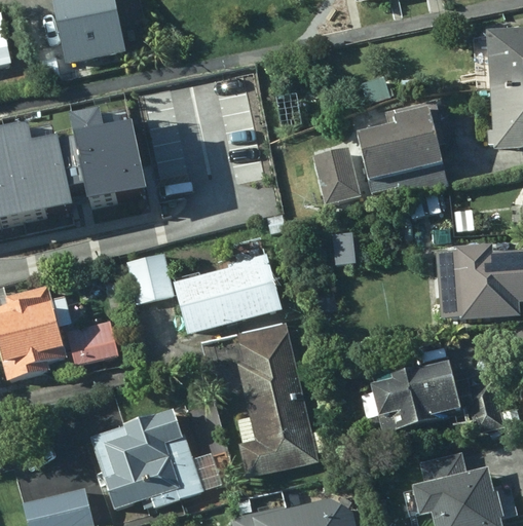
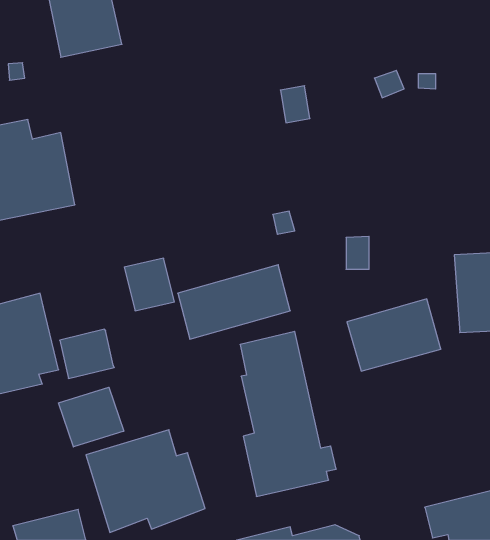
building: [351,100,446,196] -> none
building: [77,106,153,196] -> none
building: [311,147,358,203] -> none
building: [369,365,457,433] -> [347,299,441,371]
building: none -> [58,387,124,447]

